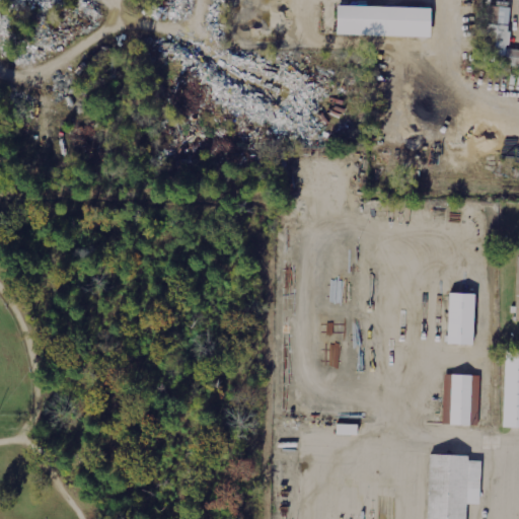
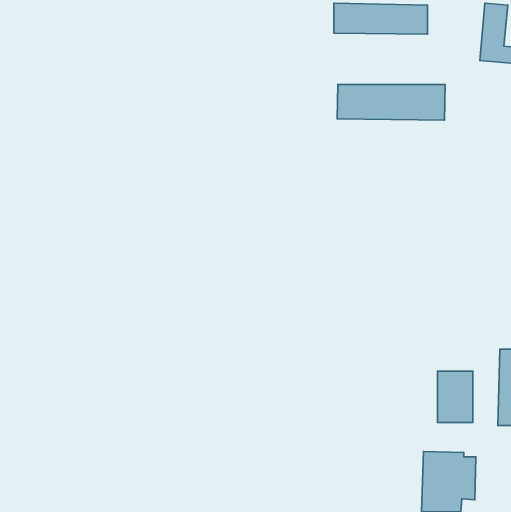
building: none -> [337,84,445,120]
building: [449,294,476,345] -> none

